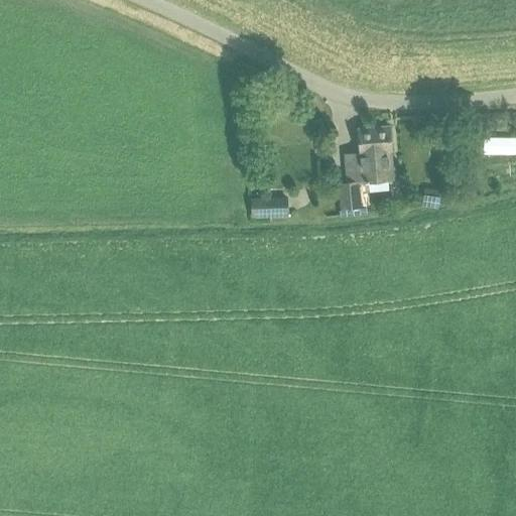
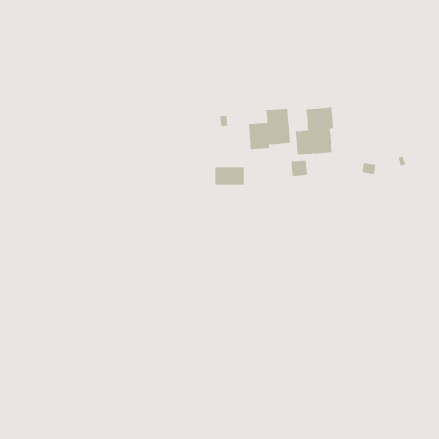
building: none -> [248,108,290,150]

